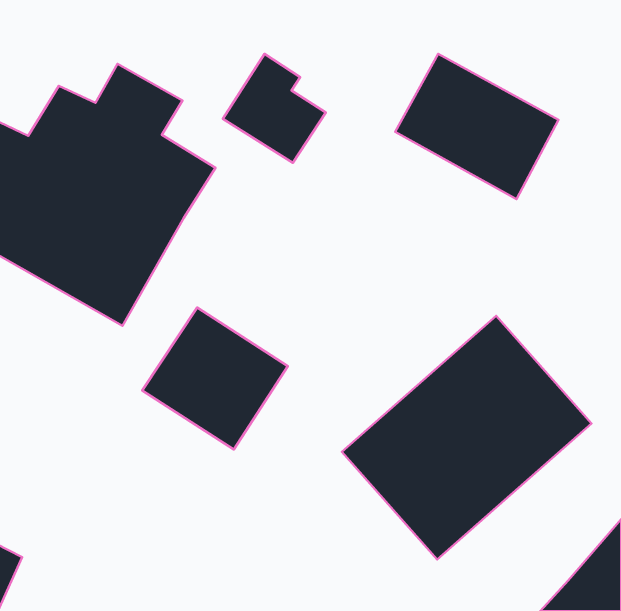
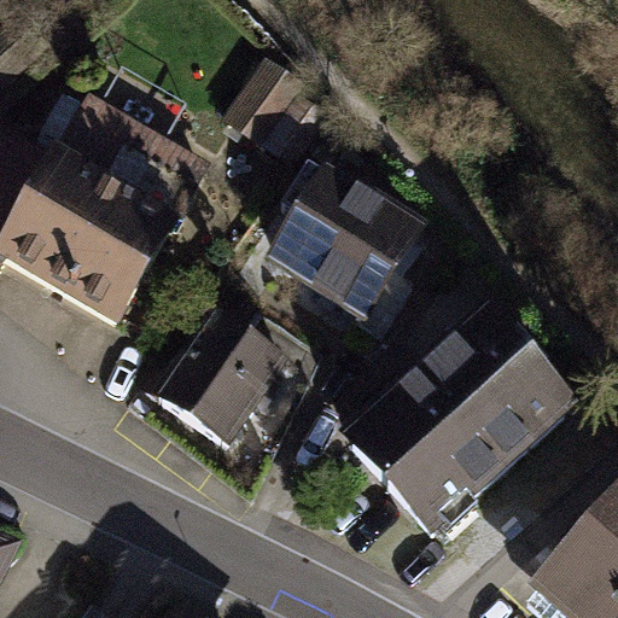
building: [395,54,559,199] -> none
building: none -> [263,168,424,323]

